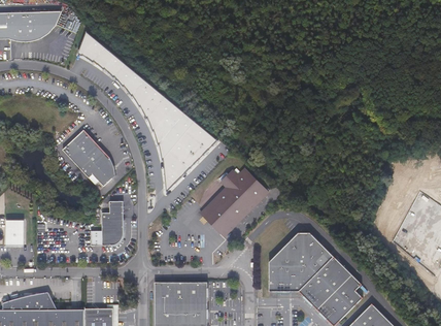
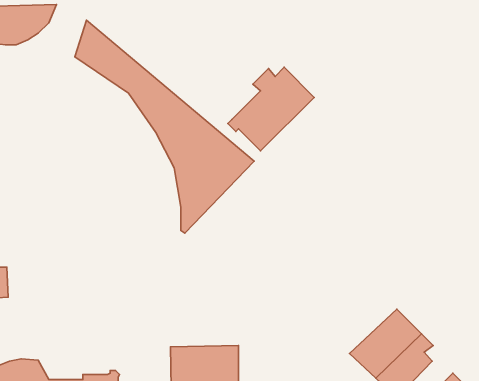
building: [62,130,114,187] -> none
building: [200,169,268,235] -> [228,67,314,151]
building: [101,201,124,246] -> none
building: [265,228,331,289] -> none

